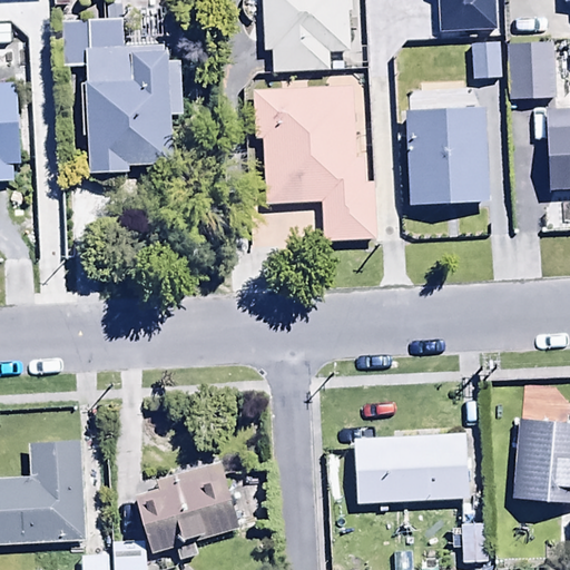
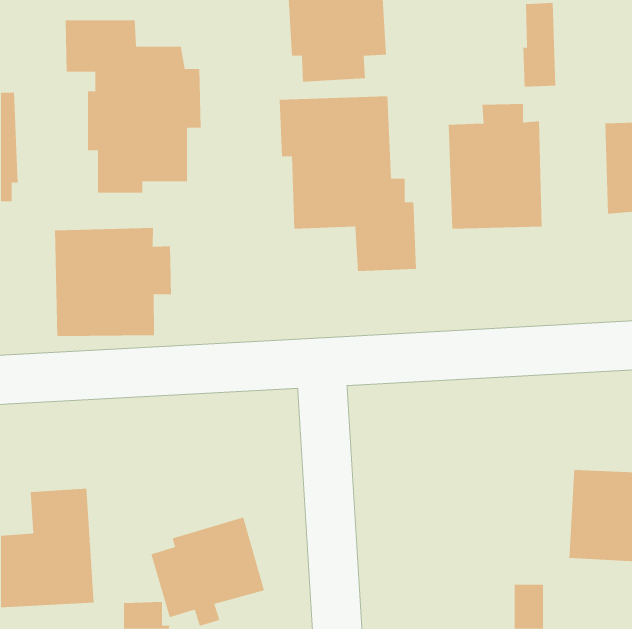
building: [508,41,554,100] -> none
building: none -> [55,227,172,337]
building: [355,433,468,501] -> none

